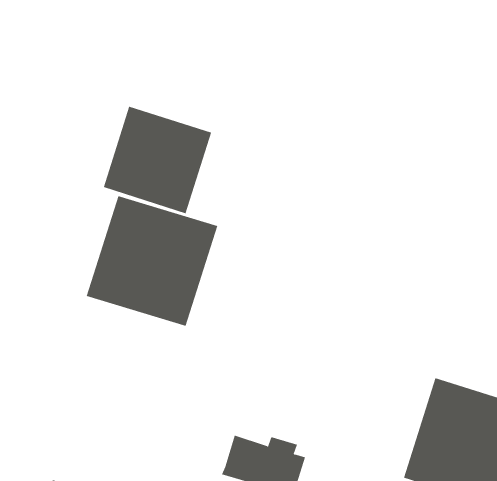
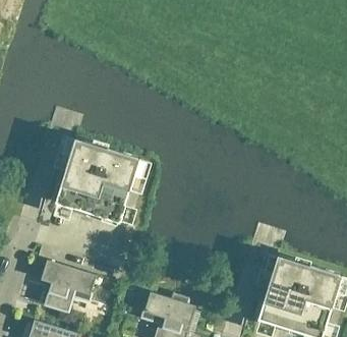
building: [103,106,212,214] -> none
building: none -> [39,261,97,313]

